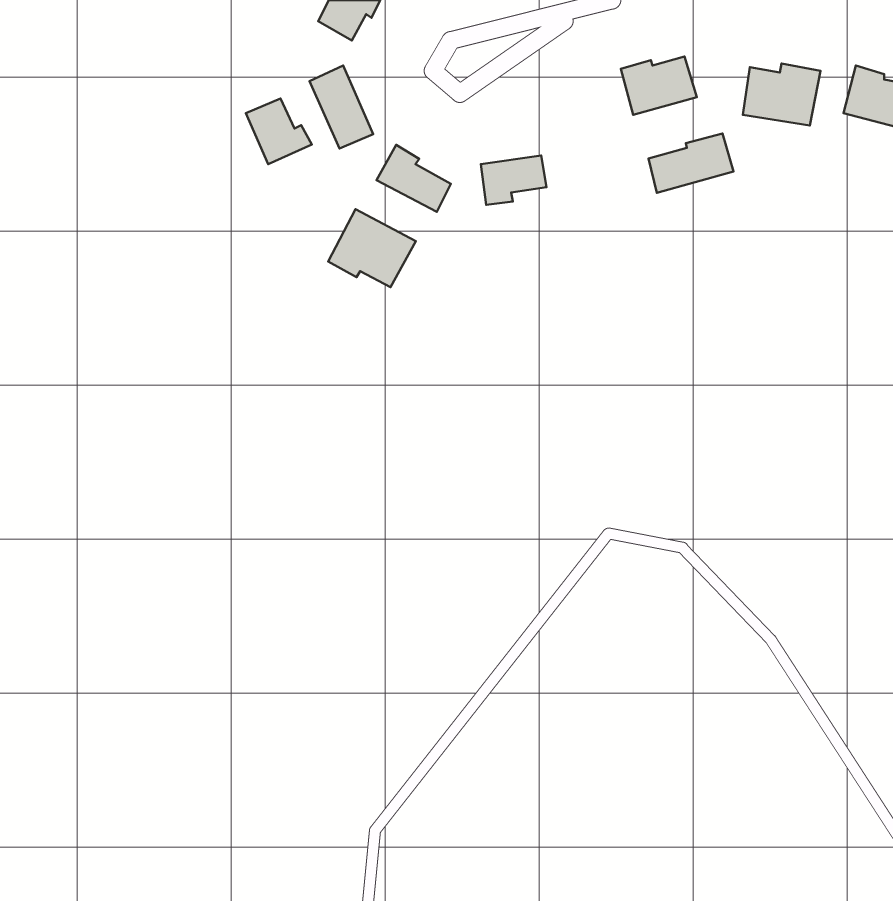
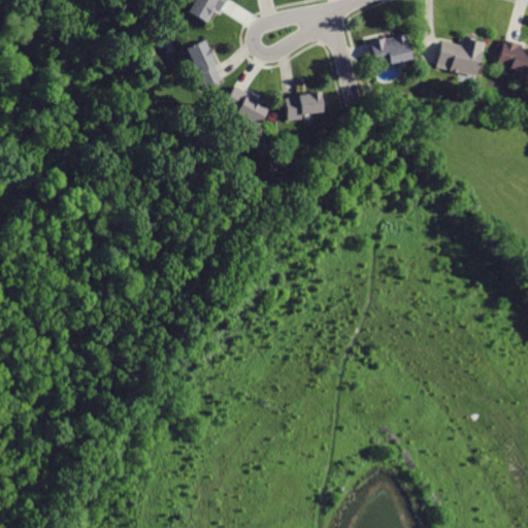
building: [246,99,312,164] -> none
building: [648,134,733,193] -> none
building: [328,209,416,287] -> none

